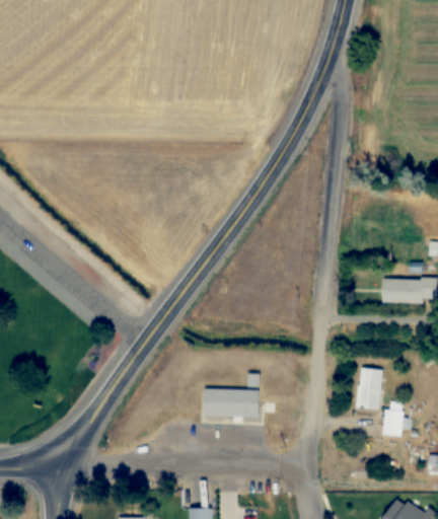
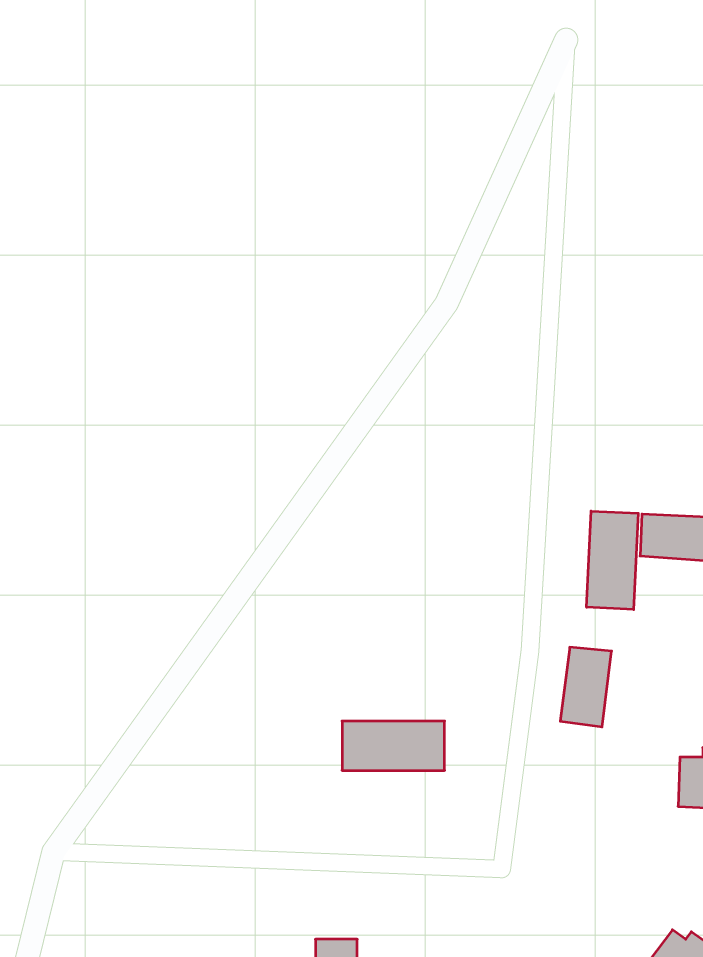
building: none -> [587,511,638,610]
building: [357,367,384,410] -> [560,647,612,727]

